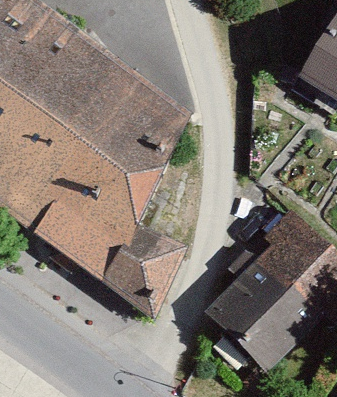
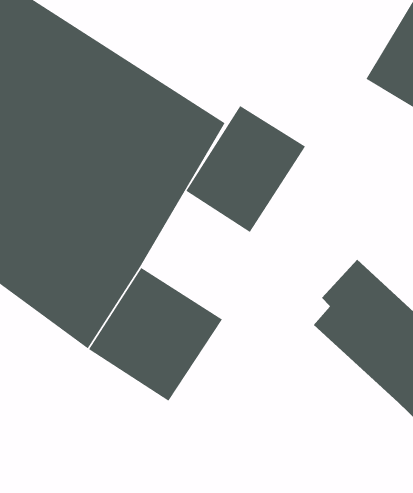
building: none -> [185,105,306,233]
building: [208,257,320,376] -> none

